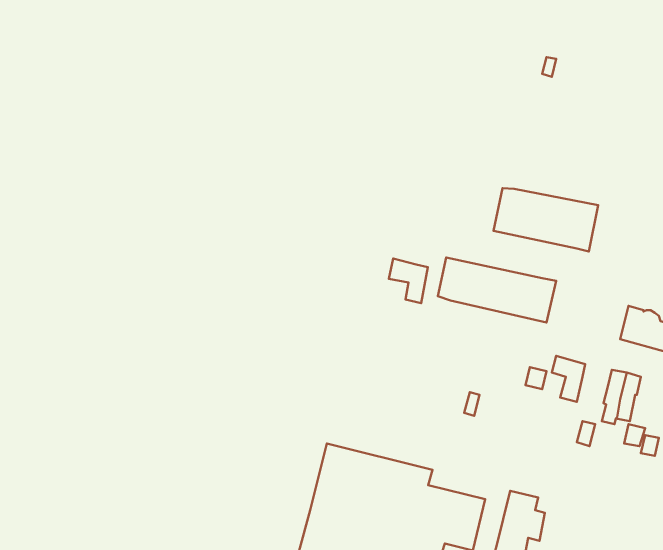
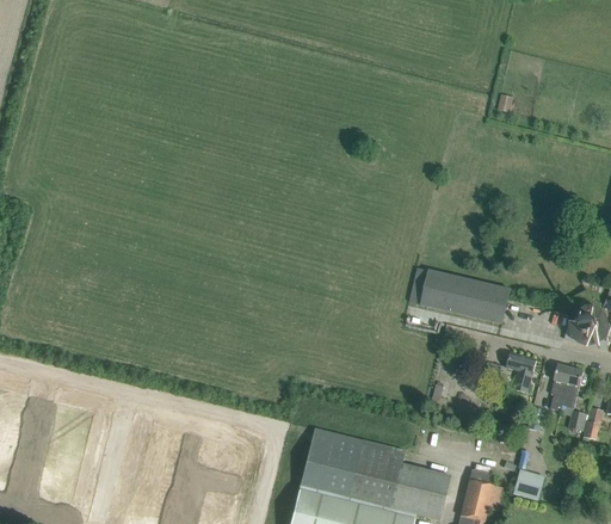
building: [493,188,598,251] -> none
building: [389,259,428,303] -> none
building: none -> [514,471,547,501]

